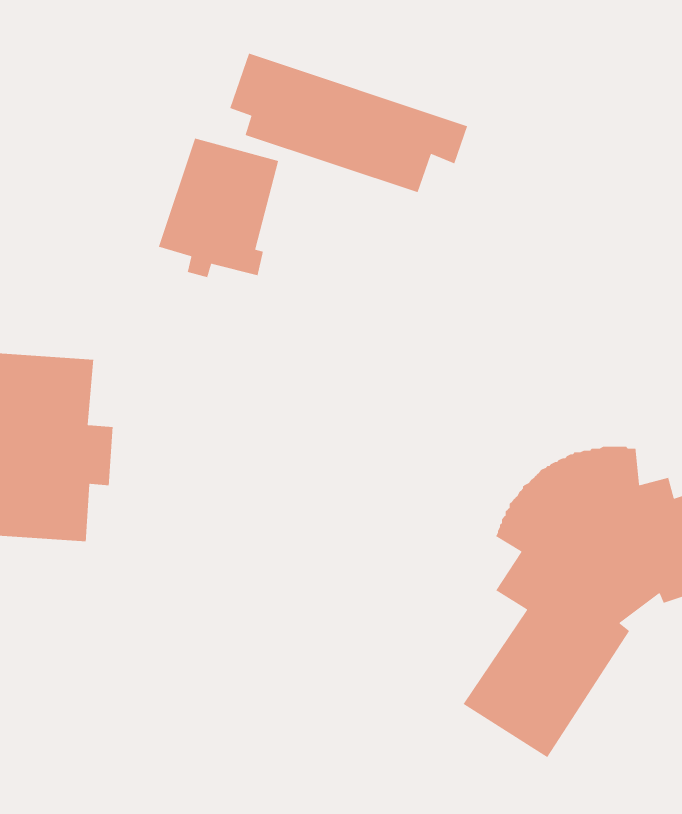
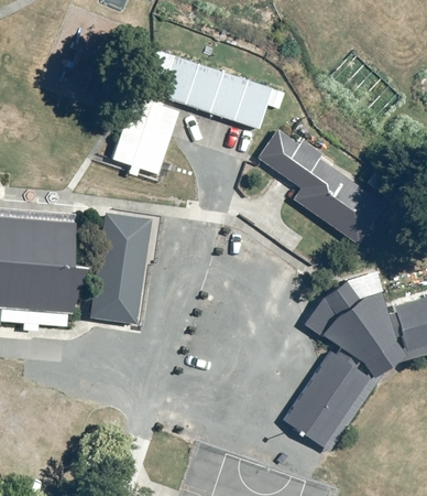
building: none -> [252,128,384,242]
building: none -> [94,214,147,321]

